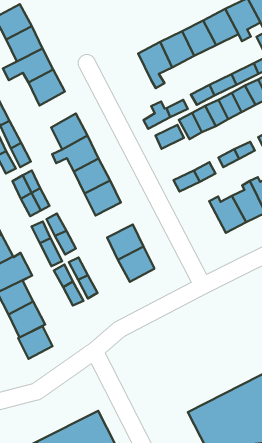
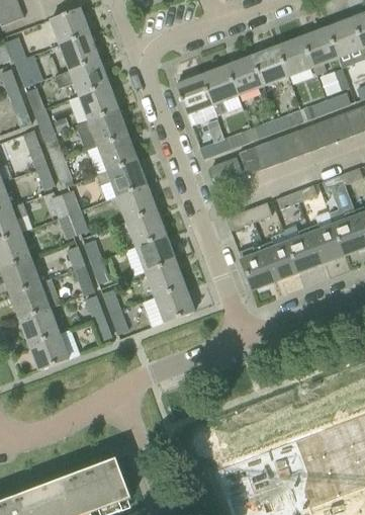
building: none -> [175,71,216,125]
building: none -> [80,107,126,150]
building: none -> [238,244,275,288]
building: none -> [135,235,175,271]
building: [18,326,52,359] -> none

